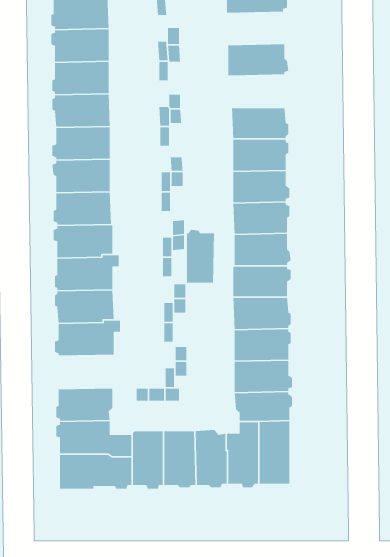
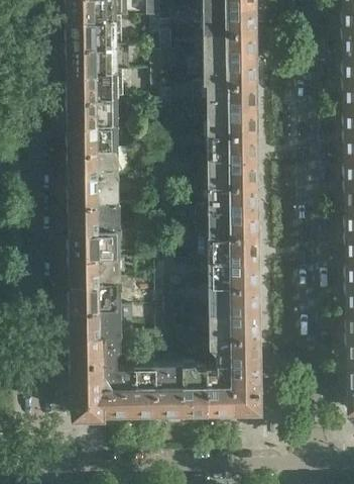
building: none -> [206,32,255,59]
building: none -> [210,83,256,109]
building: [186,229,215,283] -> none
building: none -> [68,308,116,335]

